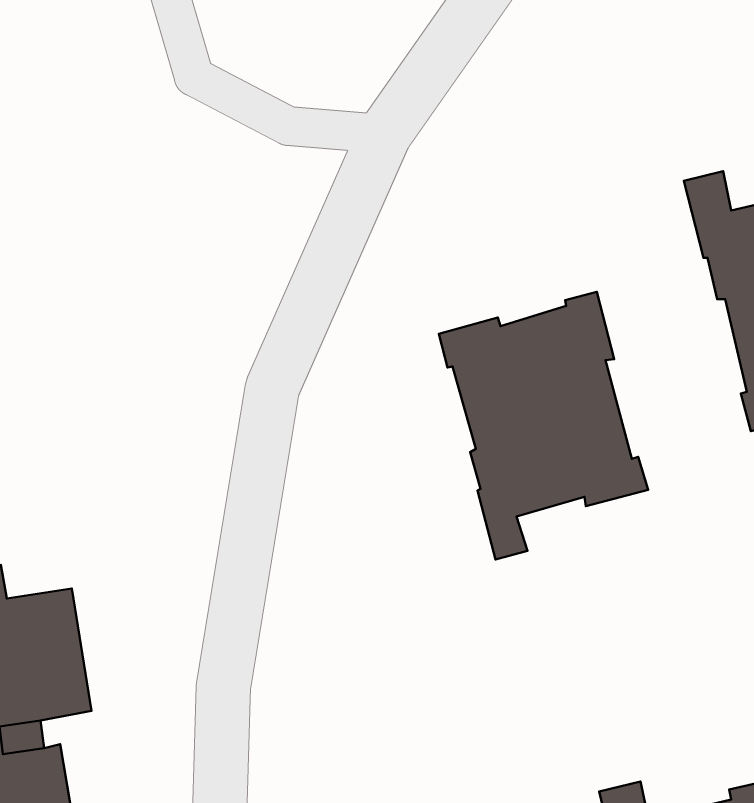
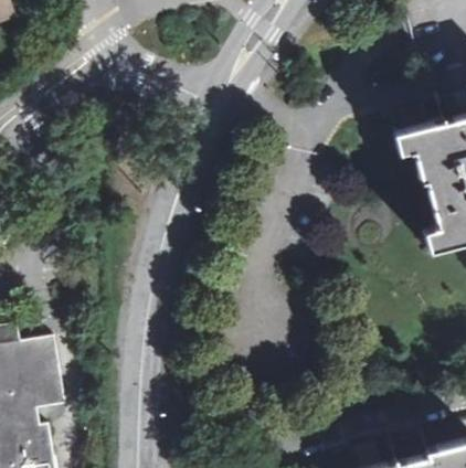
building: [439,292,648,559] -> none

